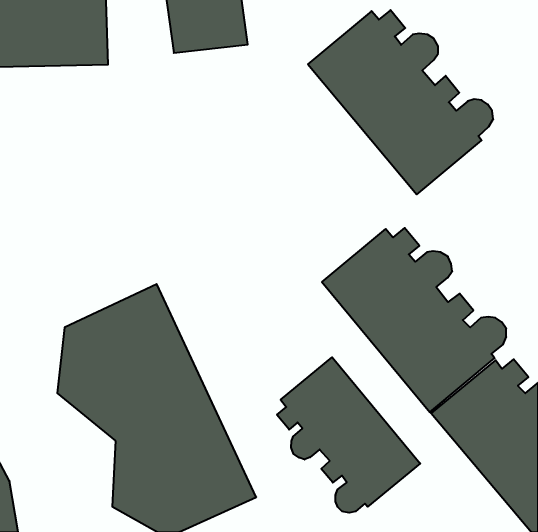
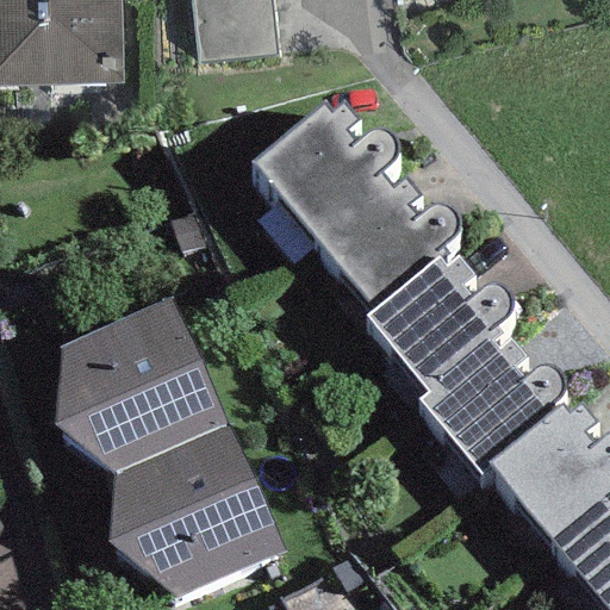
building: [308,10,493,194] -> [247,102,455,310]
building: [277,357,420,513] -> none

